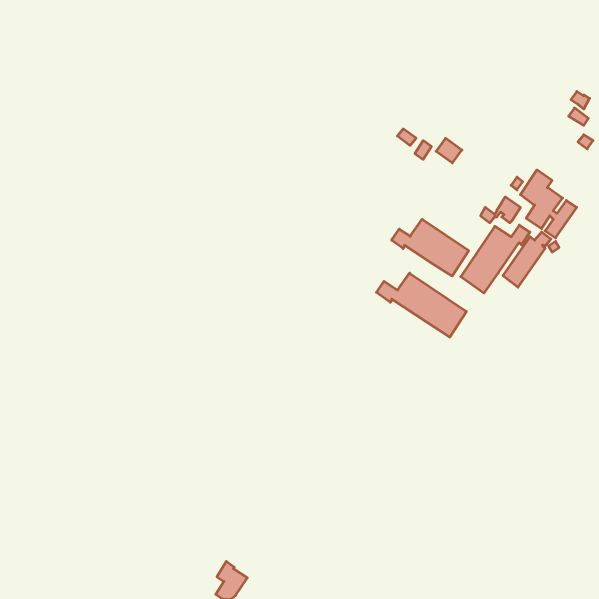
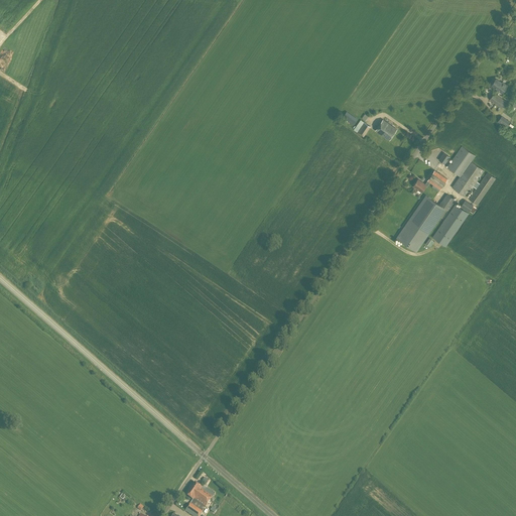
building: [392,219,469,276] -> none
building: [376,273,466,337] -> none

